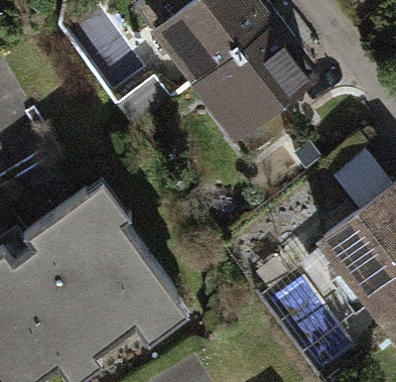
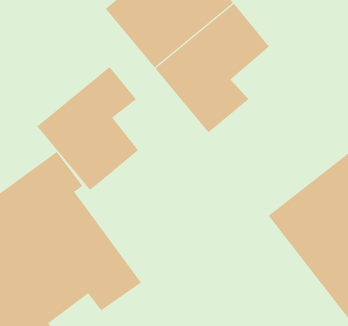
building: none -> [37,66,139,191]

